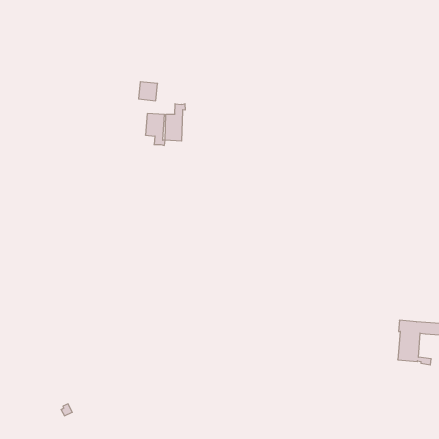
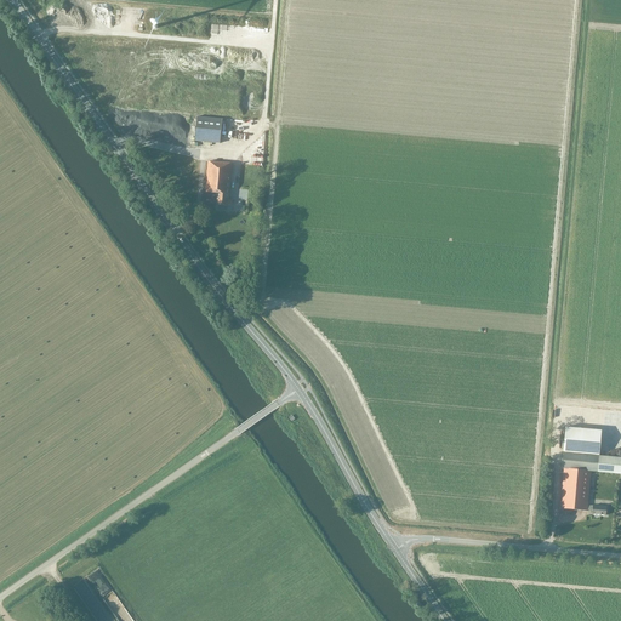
building: [165,104,185,141] -> none
building: none -> [564,427,591,454]

